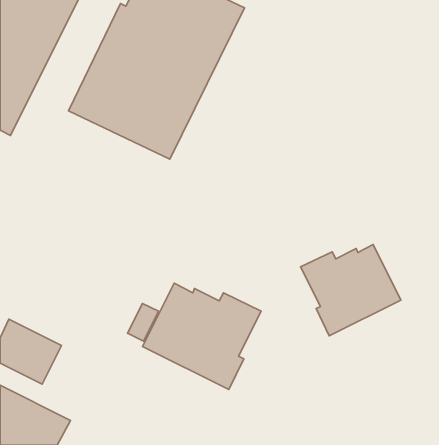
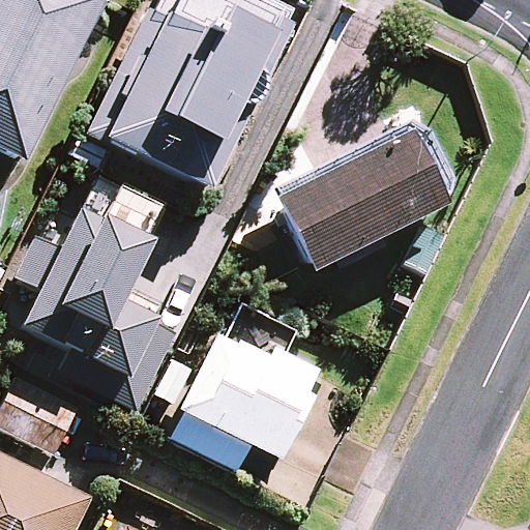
building: none -> [277,129,449,270]
building: none -> [21,207,182,410]
building: [301,245,401,336] -> none

